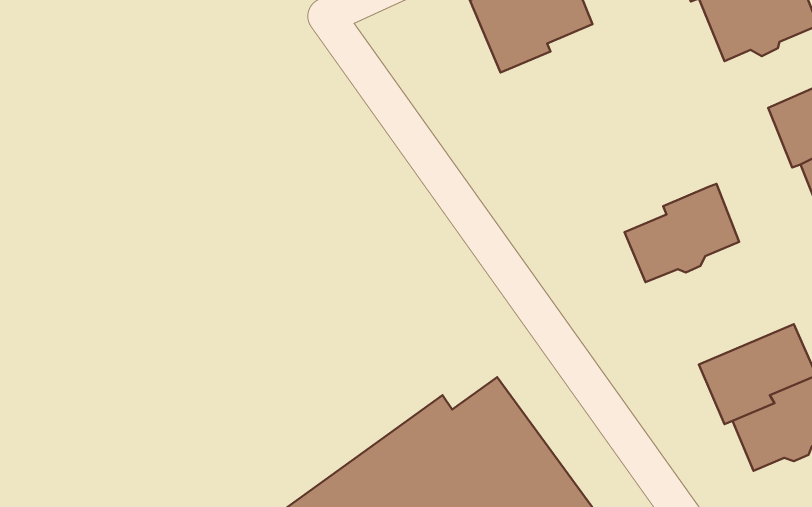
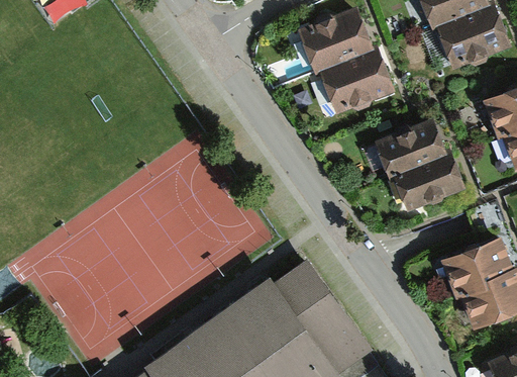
building: none -> [319,44,395,113]
building: none -> [372,115,444,178]

